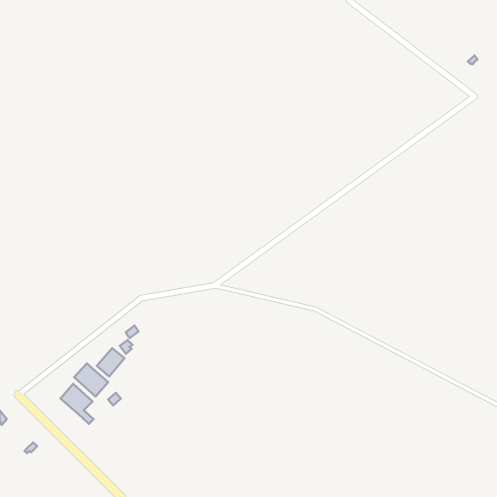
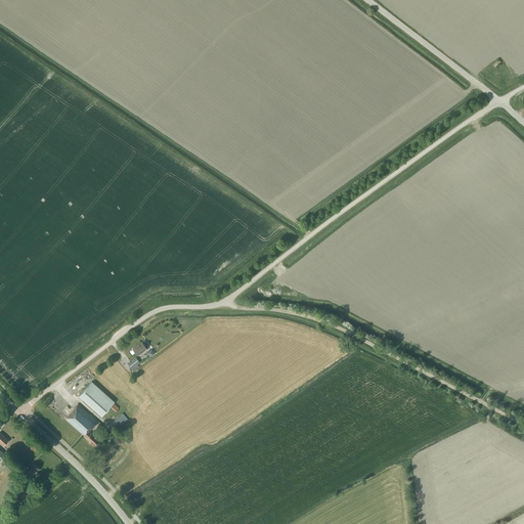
building: [97,348,125,377] -> none

